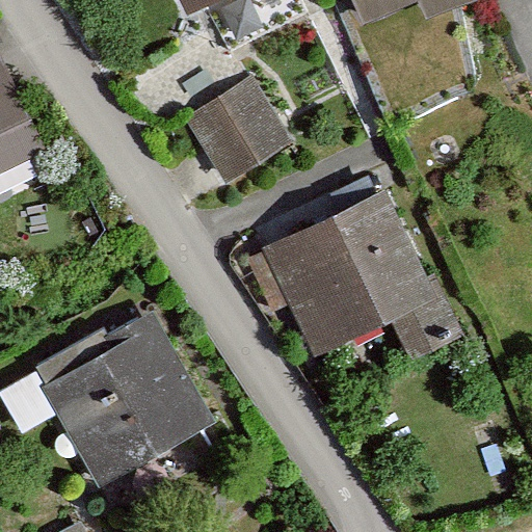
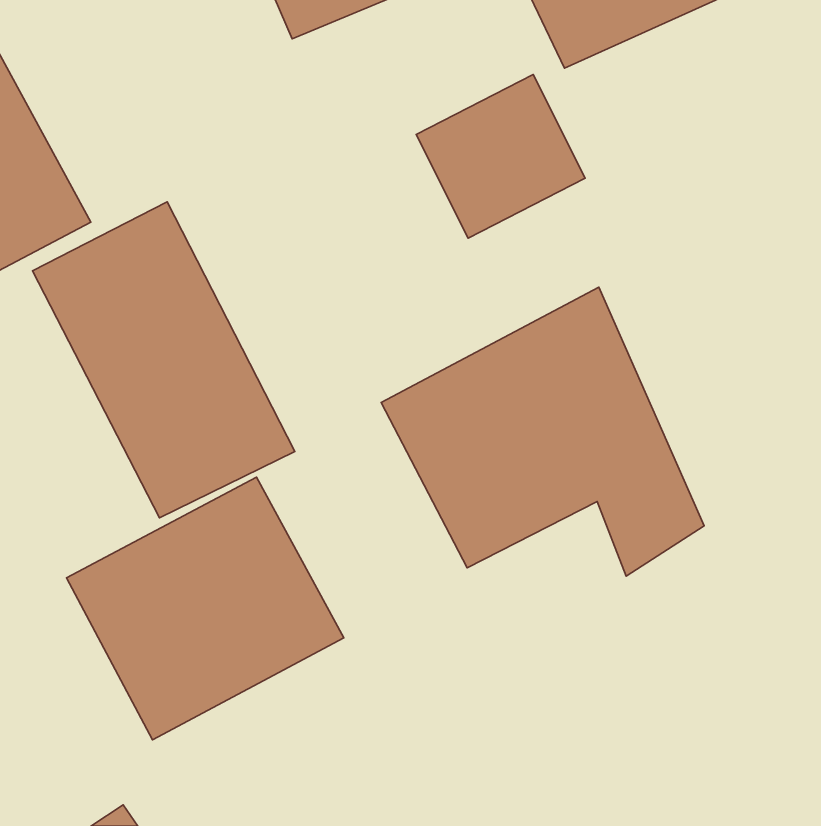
building: [181,83,289,188] -> [416,74,585,238]
building: none -> [33,202,295,518]

